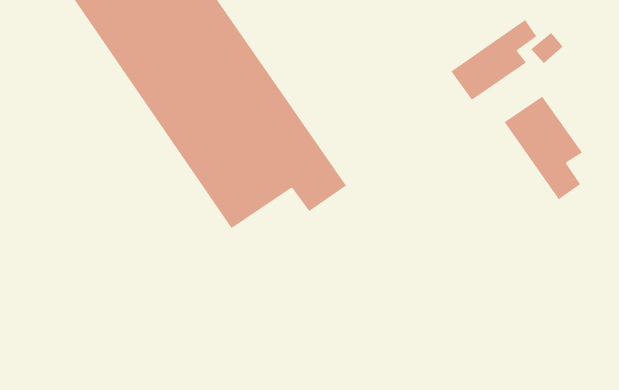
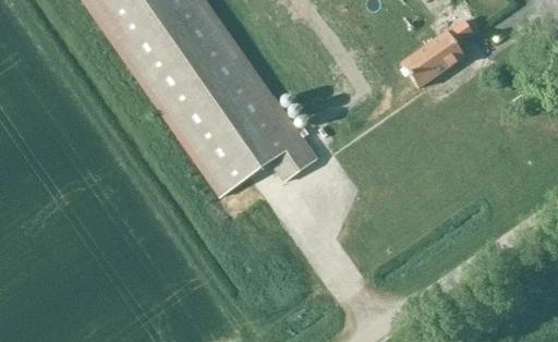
building: [504,96,583,200] -> none

